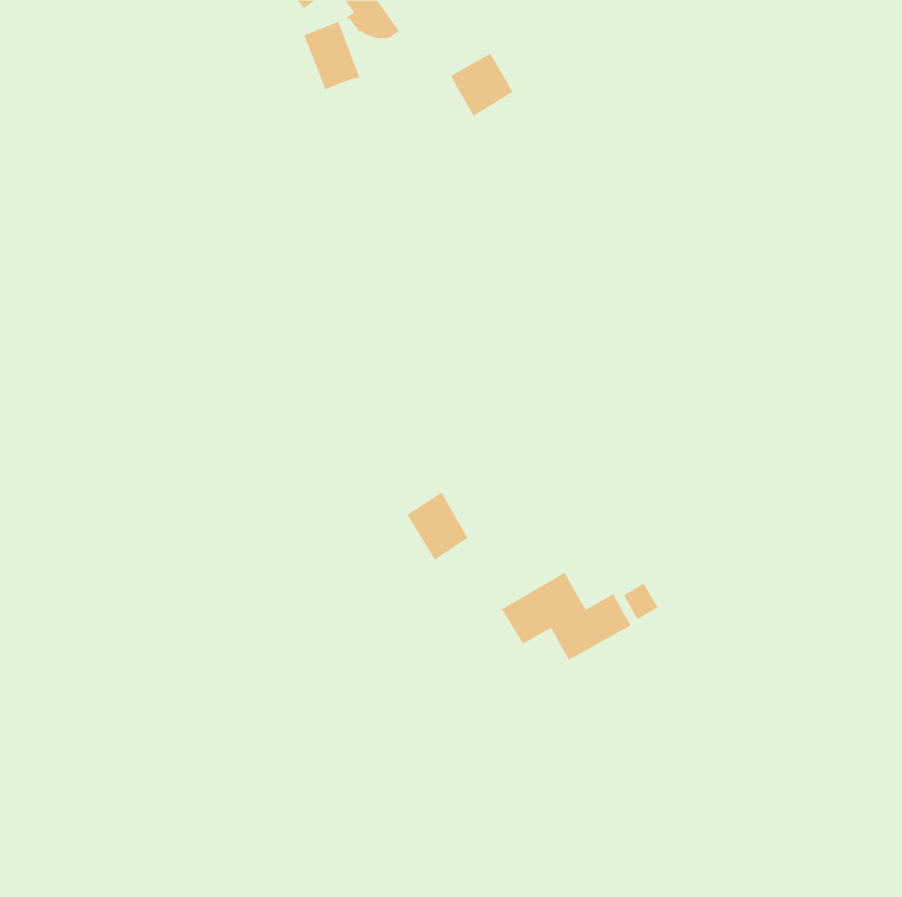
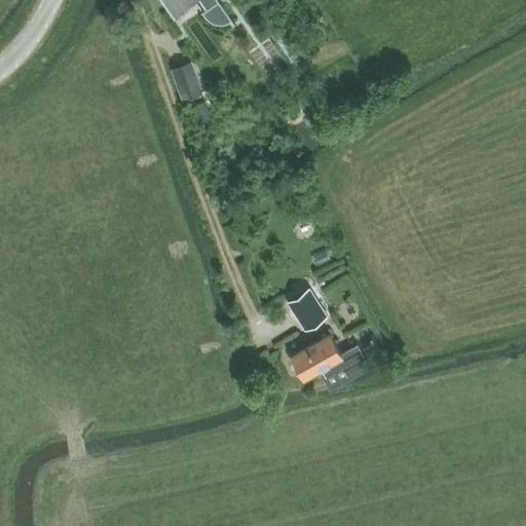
building: [304,21,360,90] -> [170,63,202,103]
building: [406,492,468,561] -> [289,291,325,331]

